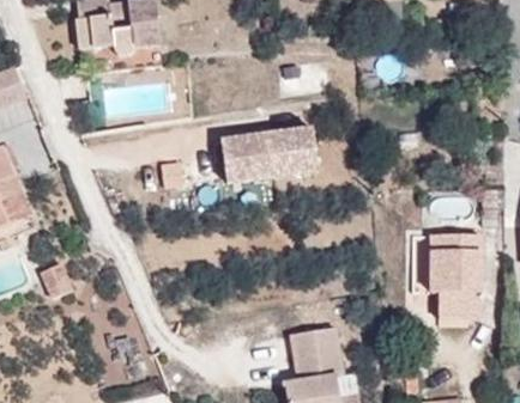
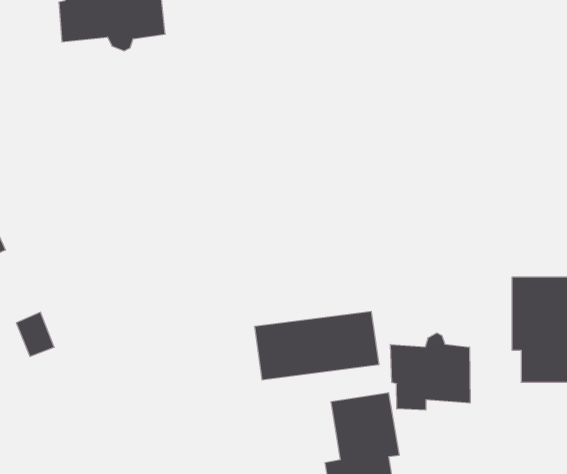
building: [220,128,319,182] -> [254,311,379,380]
building: none -> [390,333,470,410]

